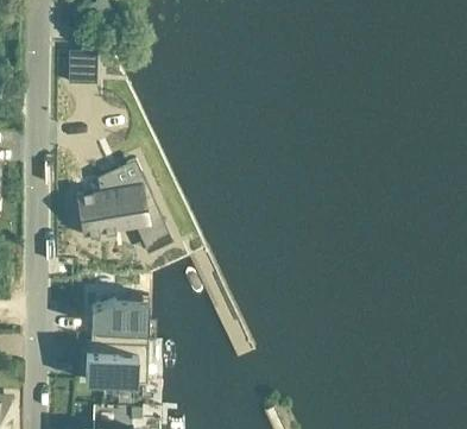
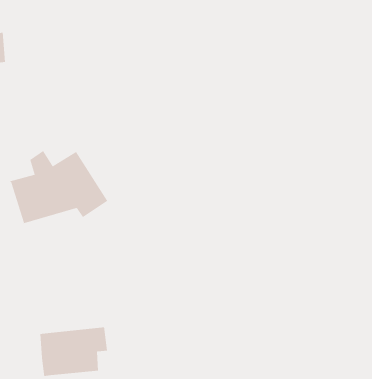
building: [90,294,149,340] -> none

